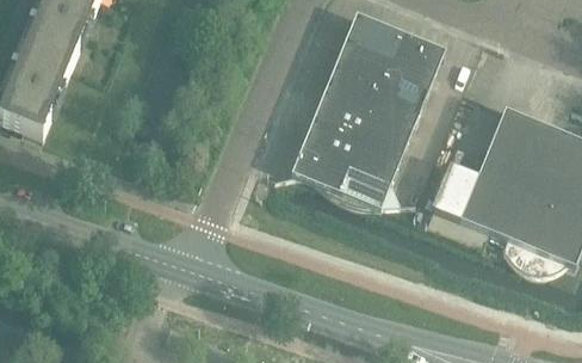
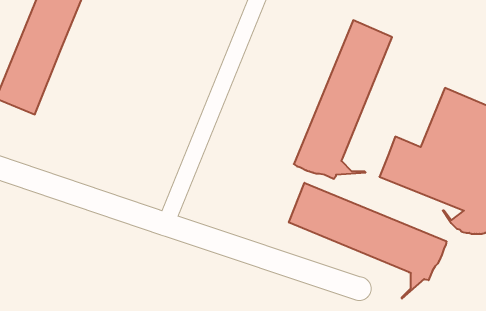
building: [274,12,401,192] -> none
building: none -> [289,183,446,299]

